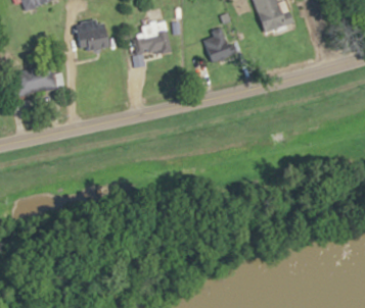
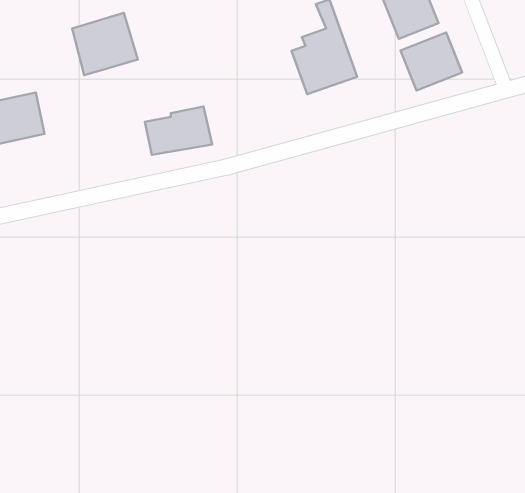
building: [131,28,171,56] -> [145,106,212,155]
building: none -> [401,32,462,91]

